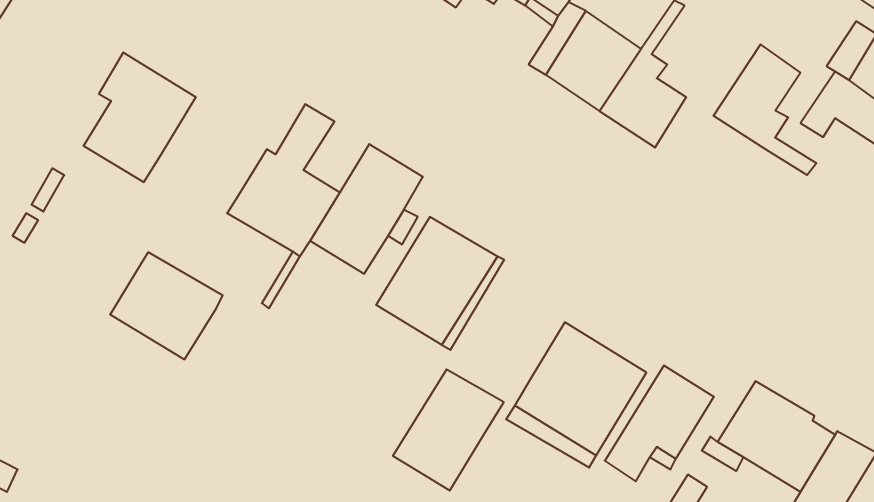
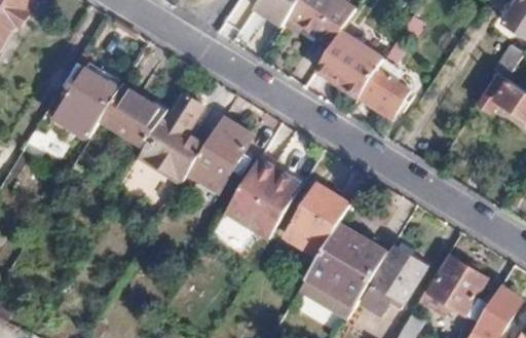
building: [714,44,816,175] -> none
building: [110,252,223,359] -> [99,85,165,149]
building: [393,369,504,491] -> [284,184,349,256]

